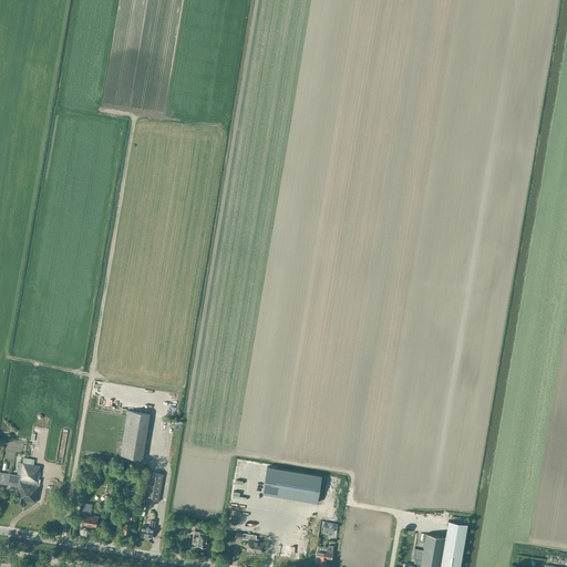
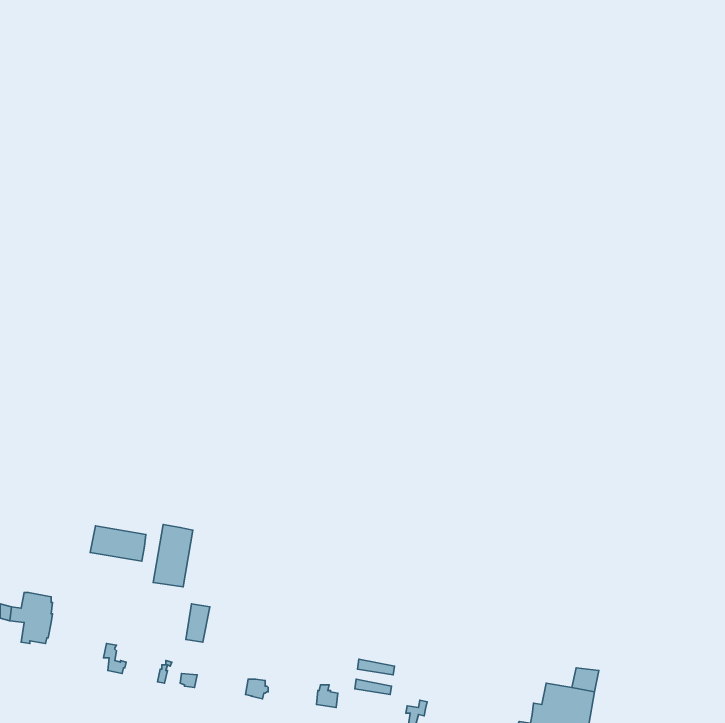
building: none -> [90,526,146,561]
building: [262,467,321,504] -> none

